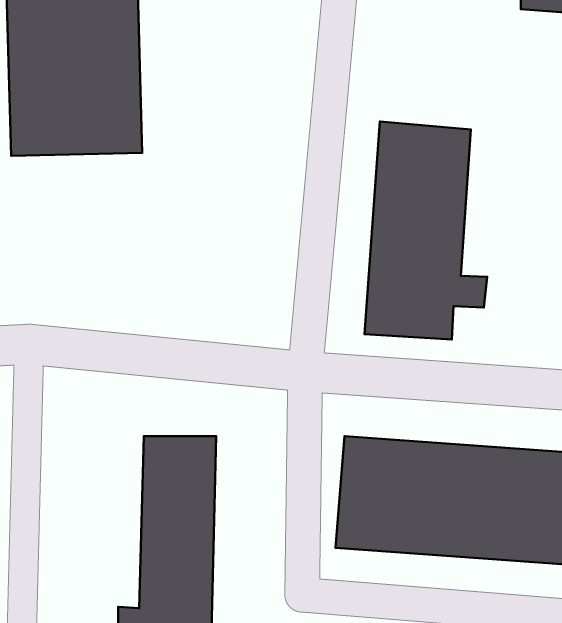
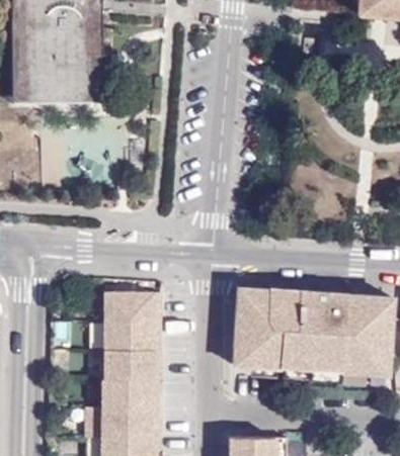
building: [365,121,487,339] -> none

